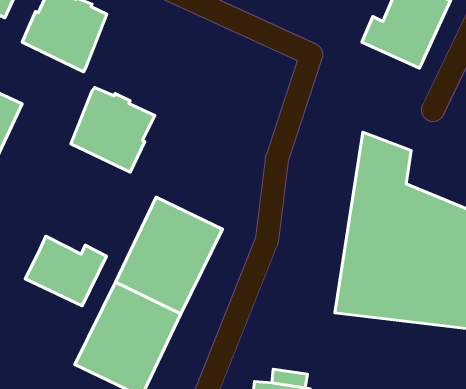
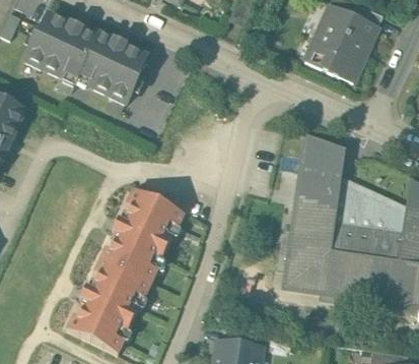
building: [71,87,155,172] -> [77,32,146,102]
building: [25,236,106,306] -> none

